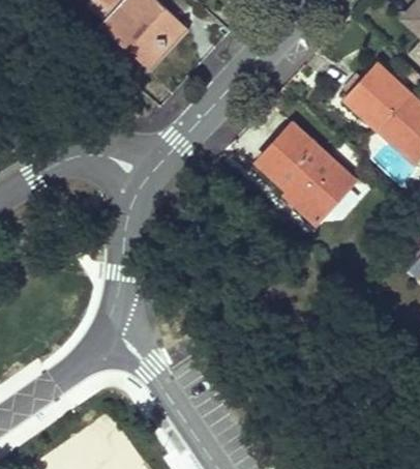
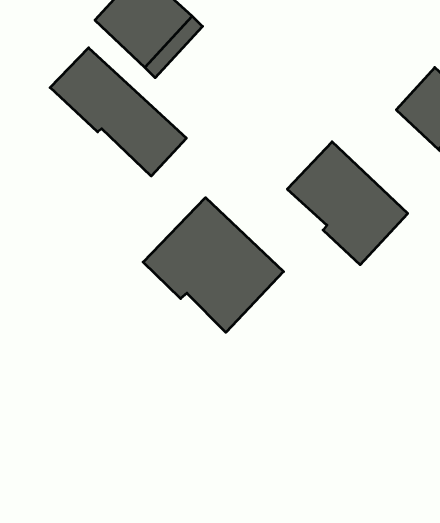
building: none -> [50,48,186,176]
building: none -> [143,198,284,332]

